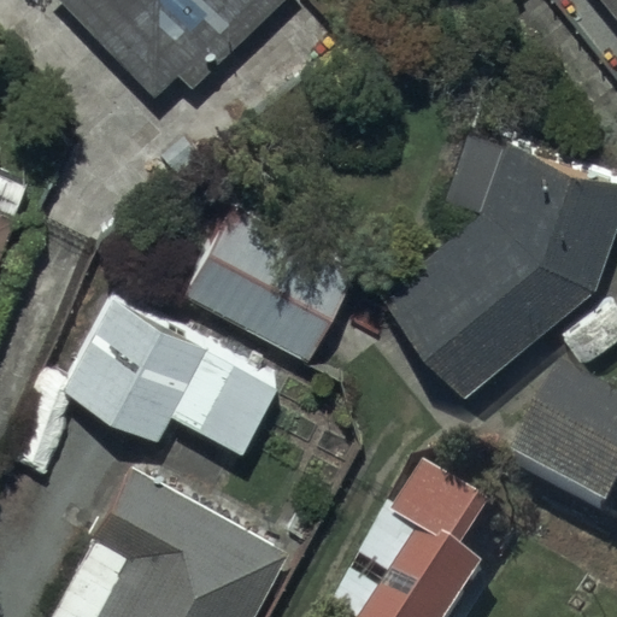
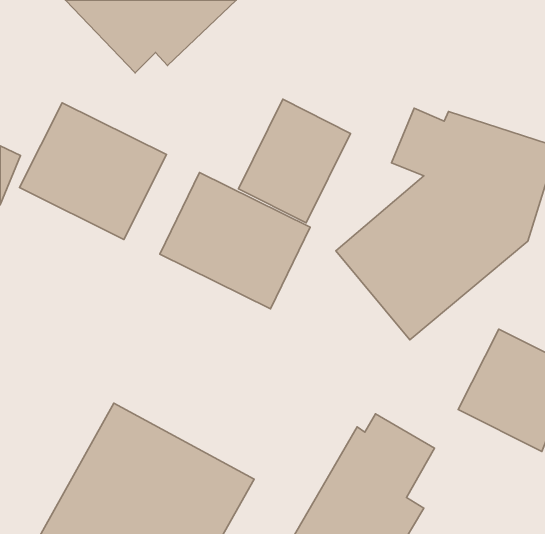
building: none -> [239,99,351,223]
building: none -> [20,103,167,239]
building: [63,298,278,454] -> none

